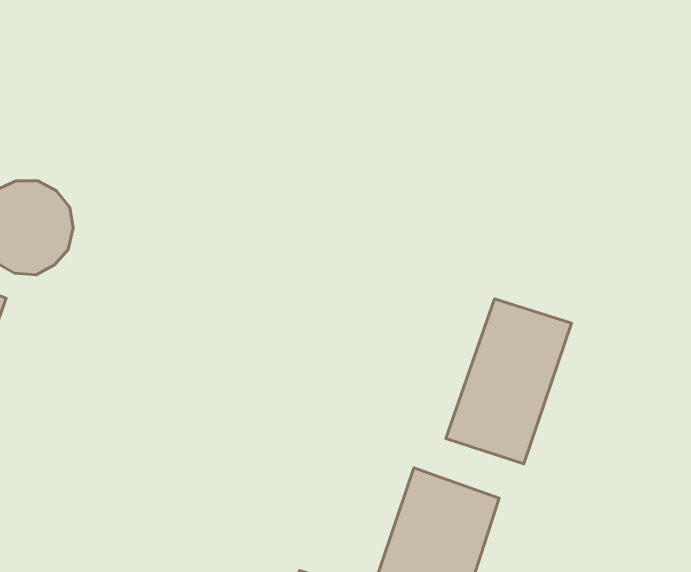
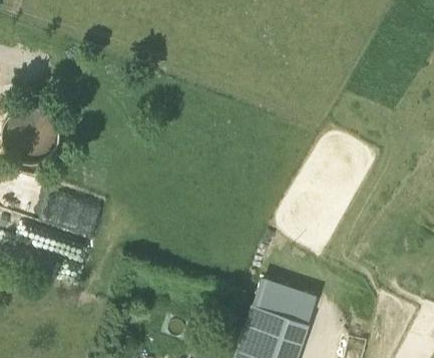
building: [446,299,571,464] -> none

